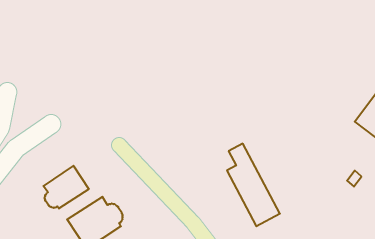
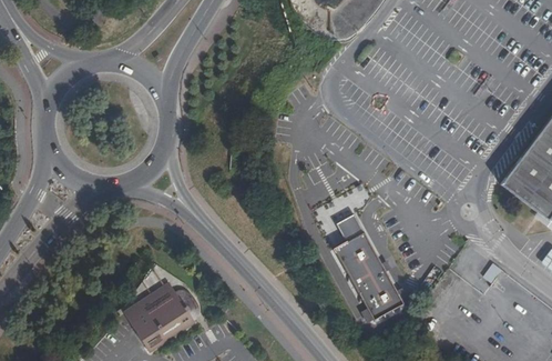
building: [43,166,89,209] -> none

